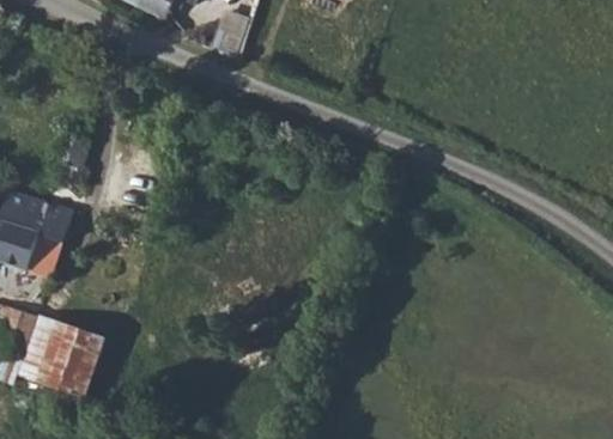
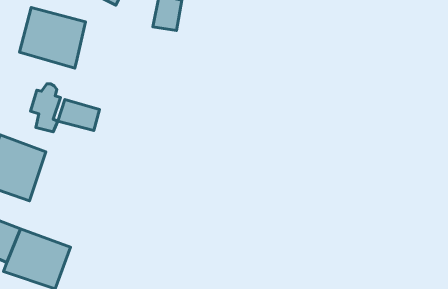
building: none -> [20,7,85,68]
building: none -> [58,100,99,131]

